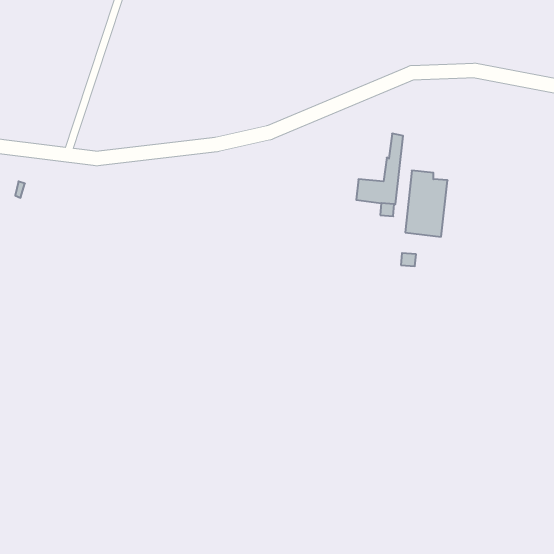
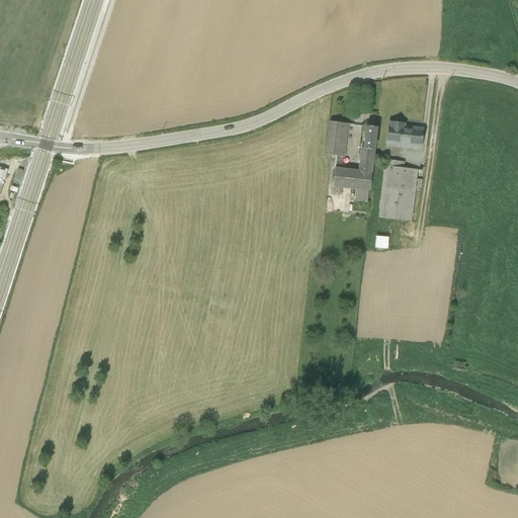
building: none -> [326,120,348,156]
building: none -> [387,121,423,147]

